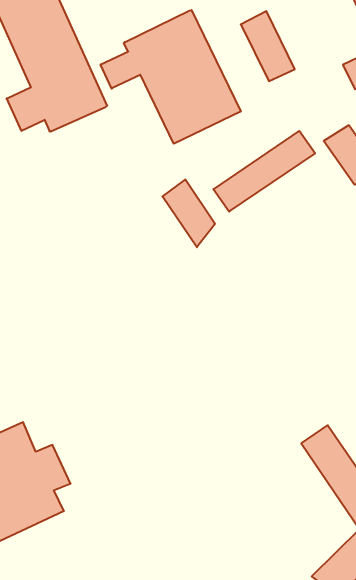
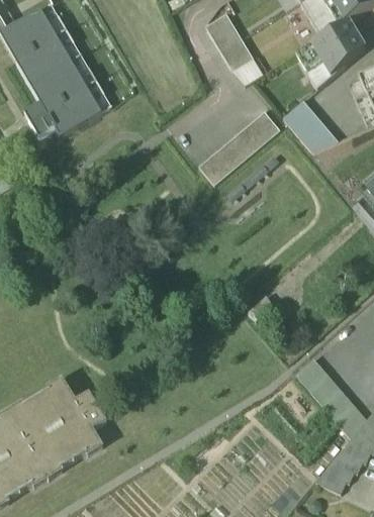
building: [101,10,241,144] -> none
building: [162,179,215,247] -> none

